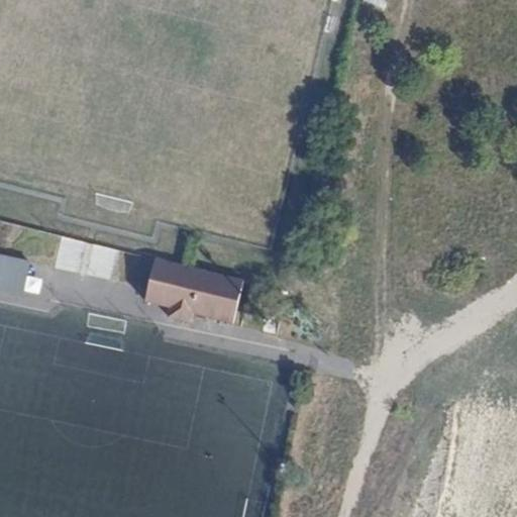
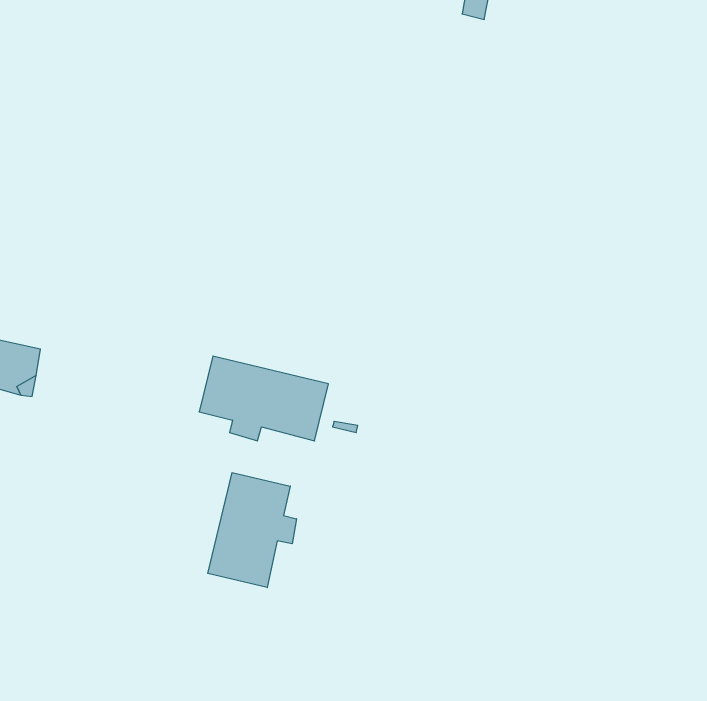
building: none -> [208,473,296,588]

